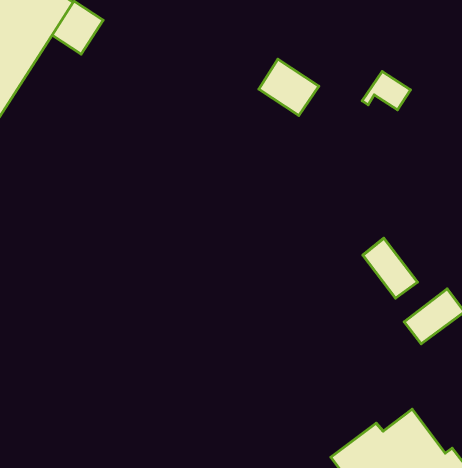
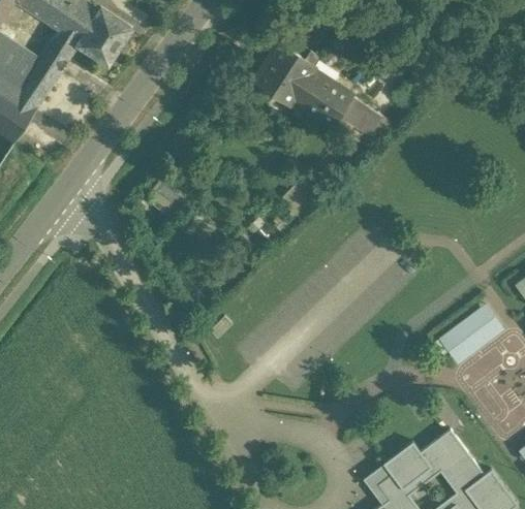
building: none -> [253,42,312,103]
building: [362,72,410,110] -> [331,96,380,135]
building: [363,238,418,298] -> none

